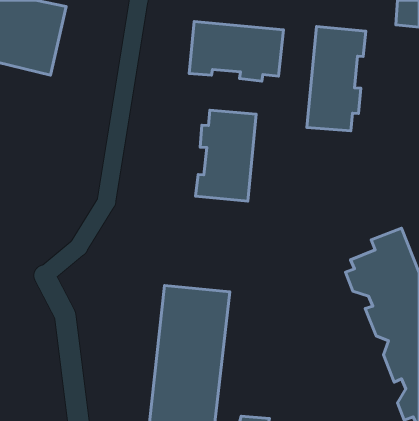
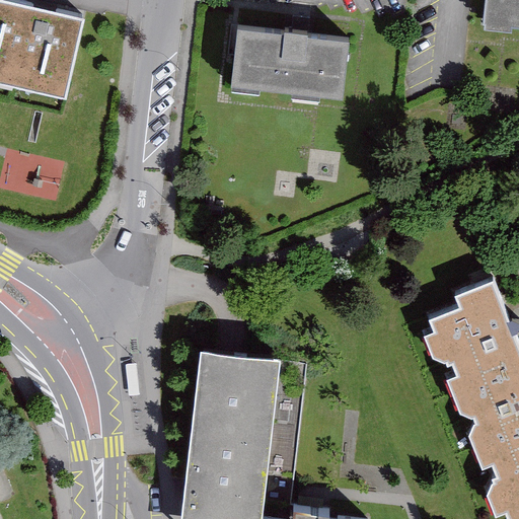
building: [307,26,366,131] -> none
building: [196,110,256,201] -> none

